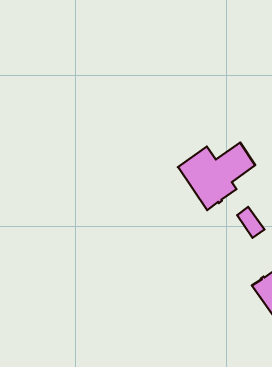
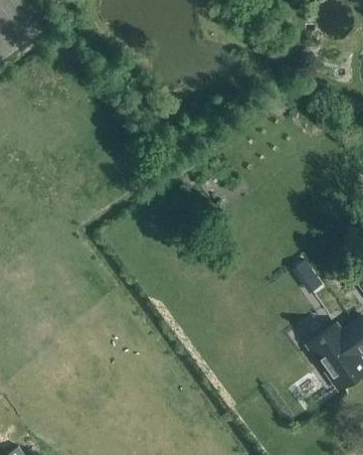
building: [178,143,255,210] -> none

